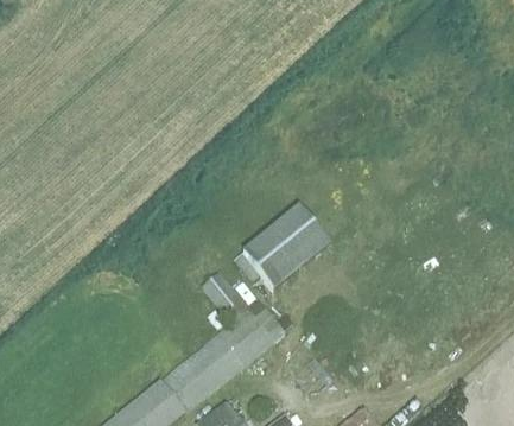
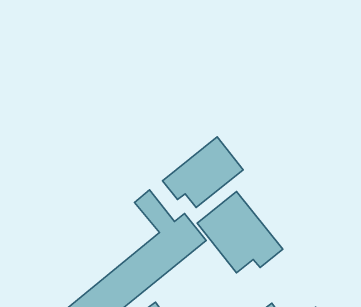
building: none -> [197,191,283,273]

